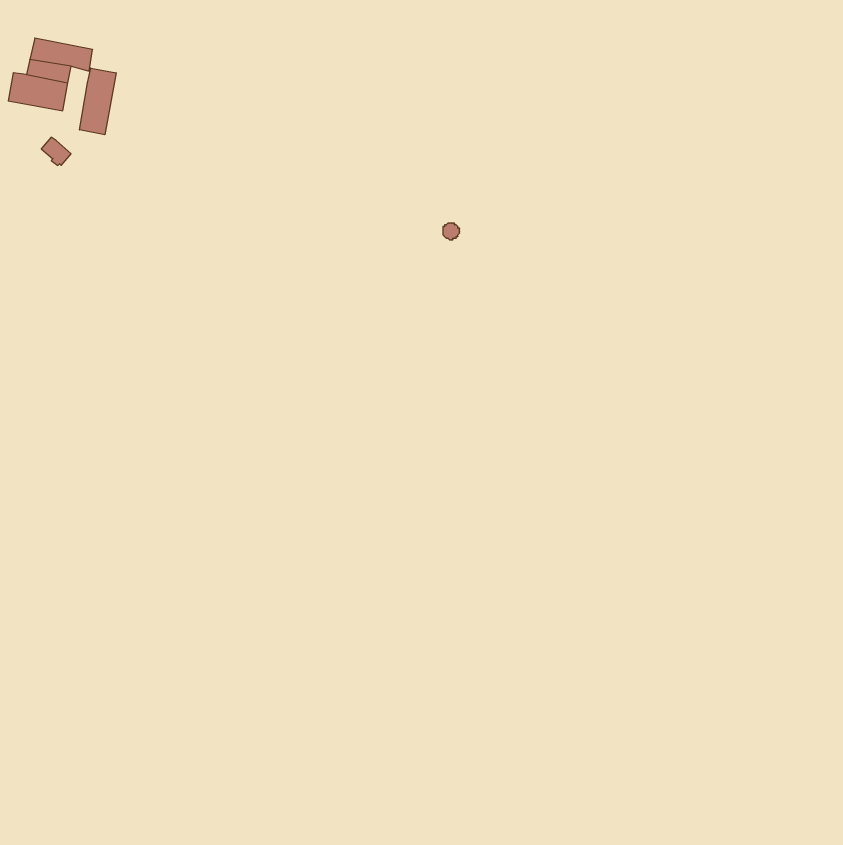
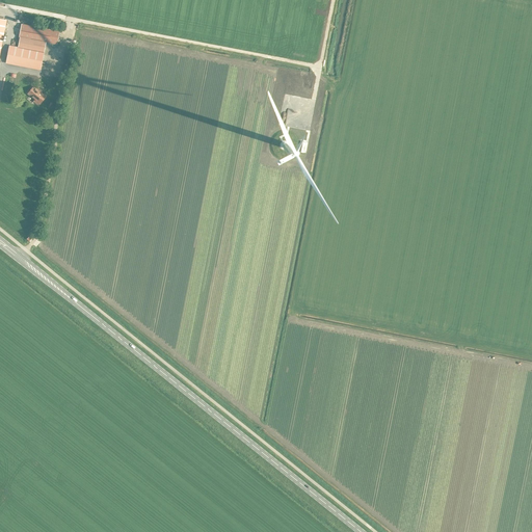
building: [80,68,116,135] -> none

